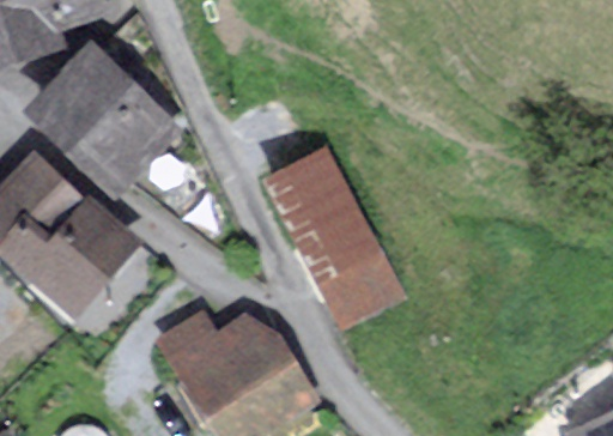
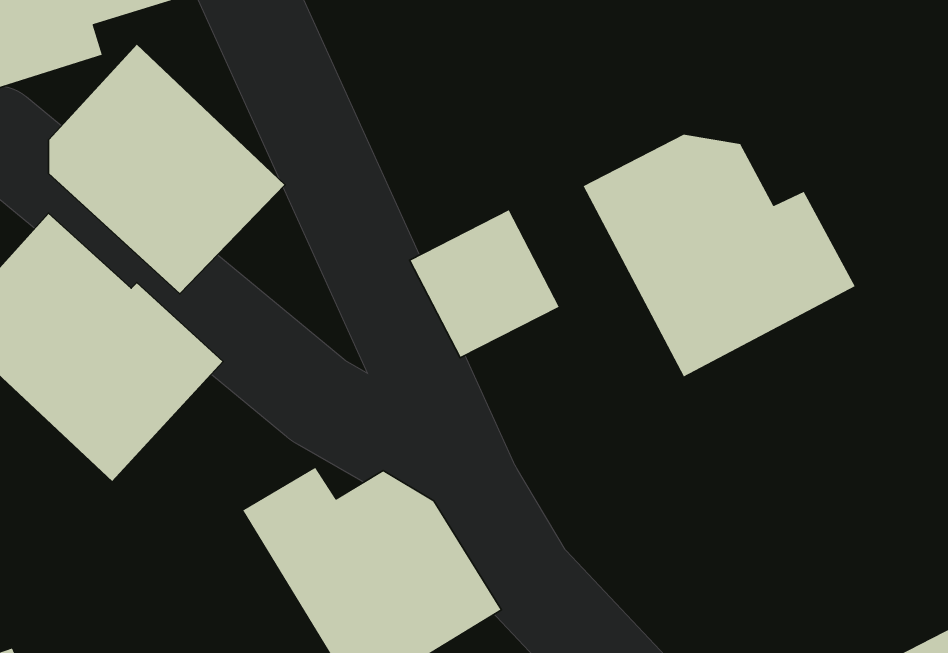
building: none -> [582,134,856,377]
building: [295,207,405,328] -> none

